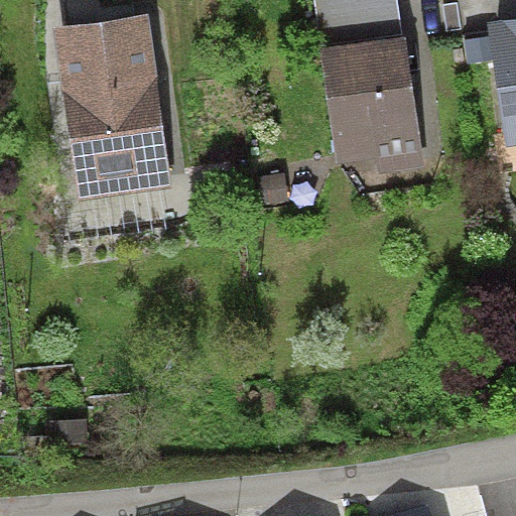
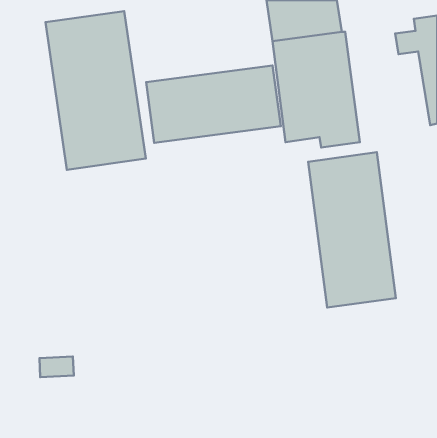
building: none -> [146,65,281,143]
building: none -> [308,152,396,308]

